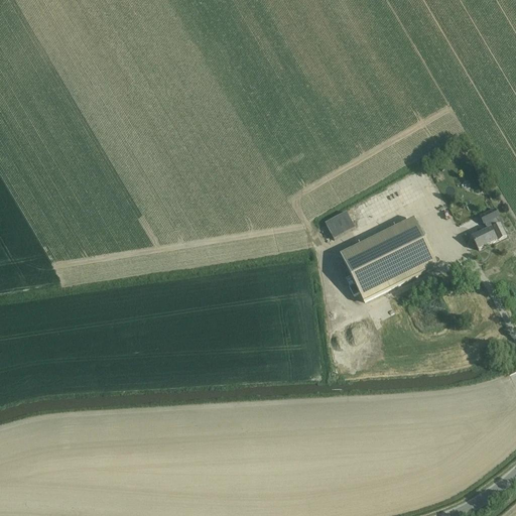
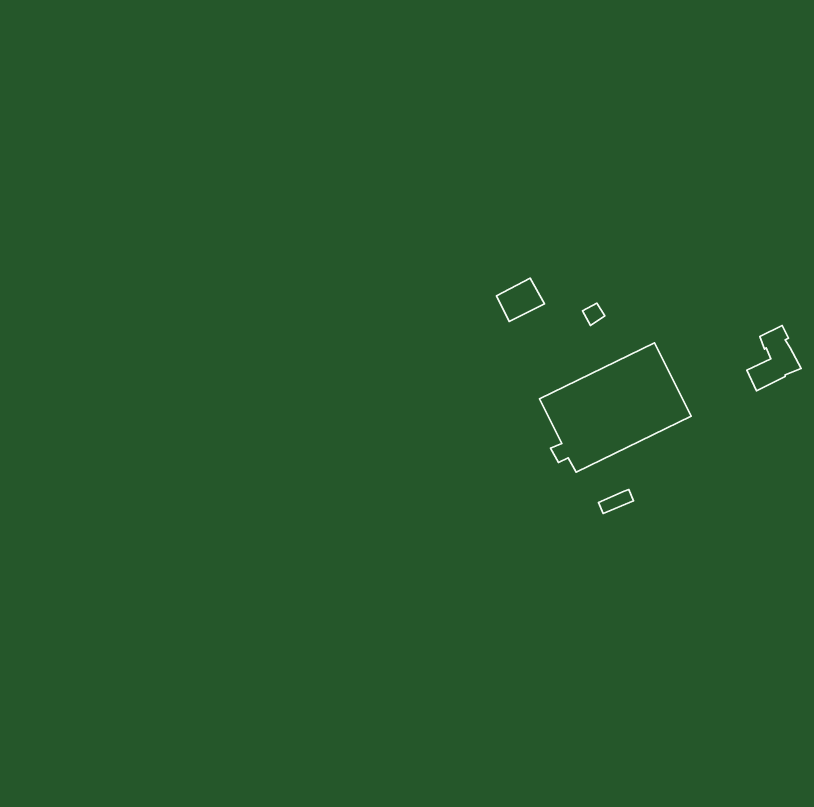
building: [325,209,355,236] -> [496,278,544,321]

